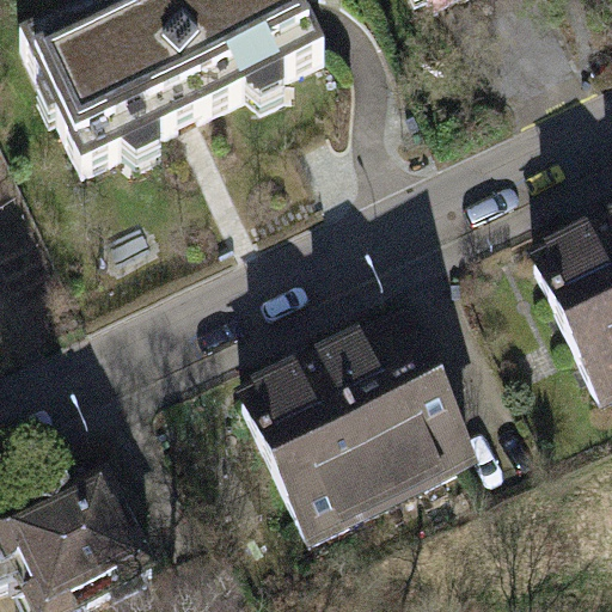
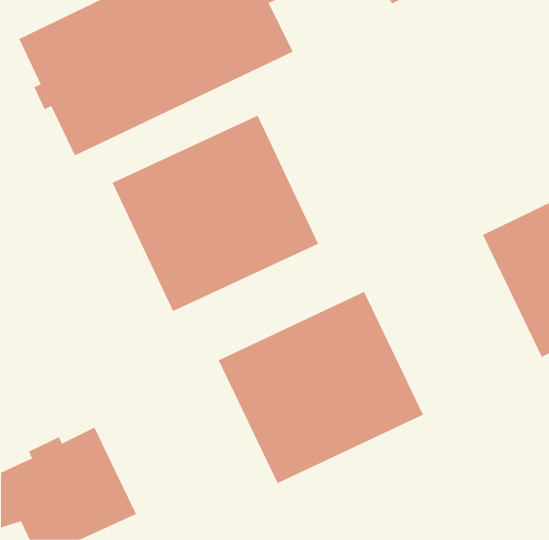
building: none -> [112,115,319,312]

